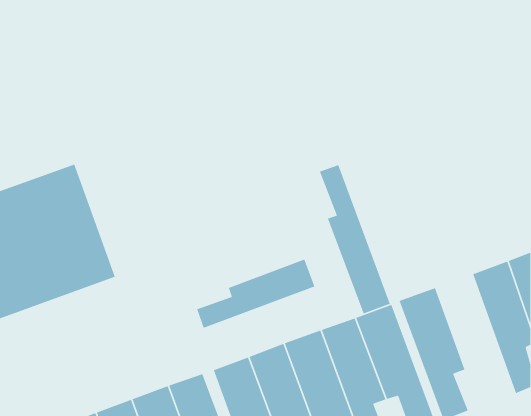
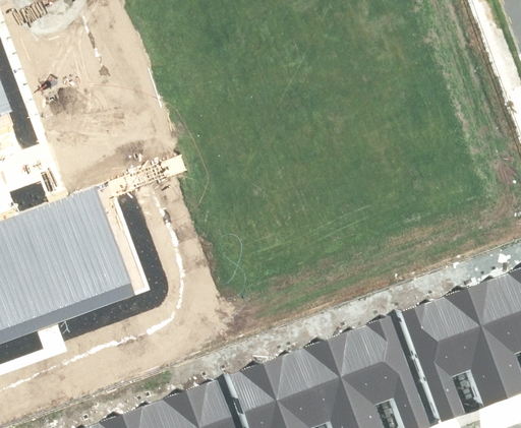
building: [319,164,391,314] -> none
building: [196,258,316,329] -> none
building: none -> [432,288,506,406]

